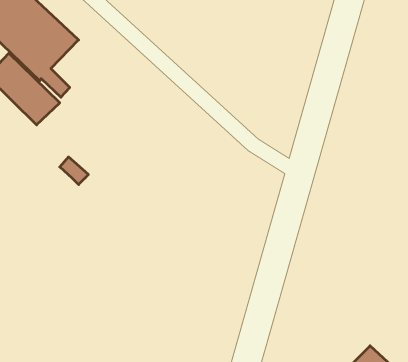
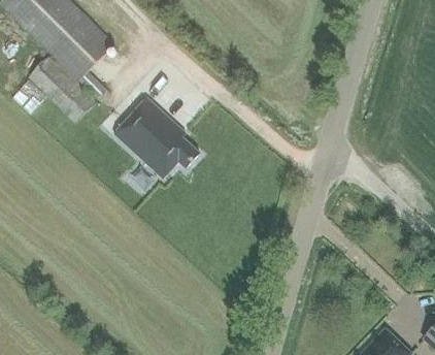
building: none -> [112,95,198,176]

